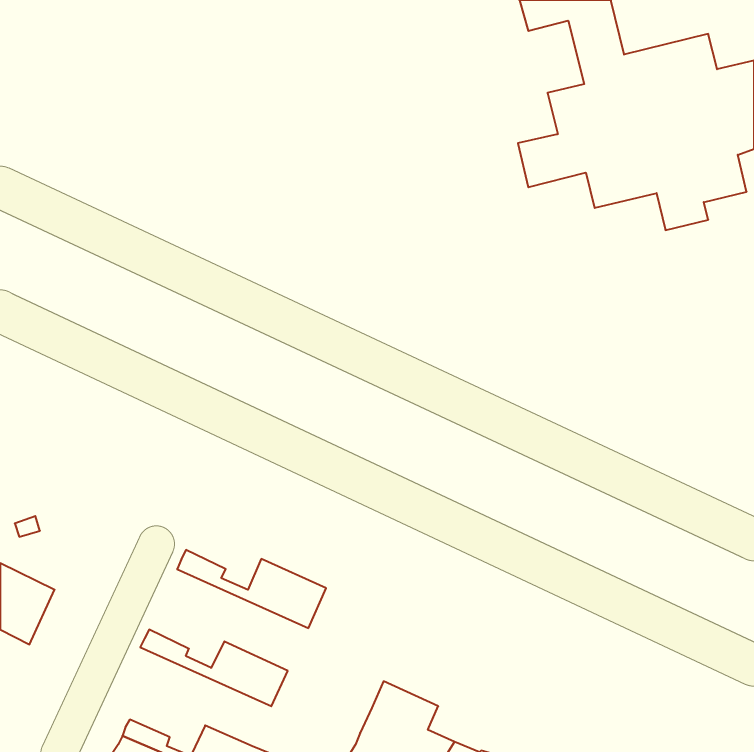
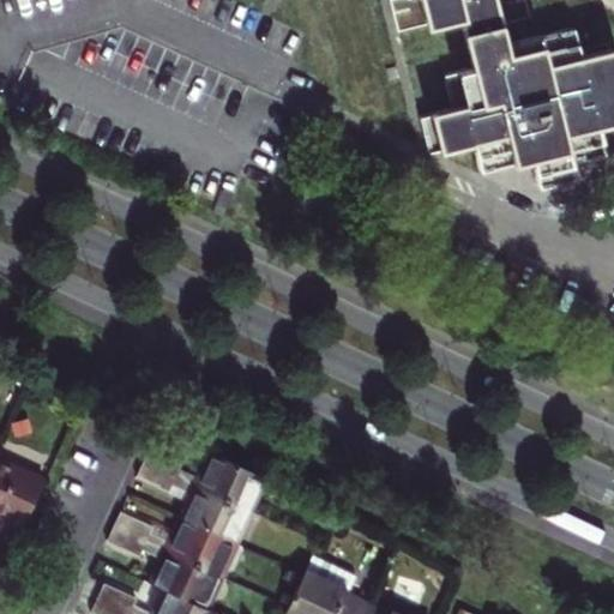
building: none -> [137,464,251,547]
building: none -> [107,528,221,608]

